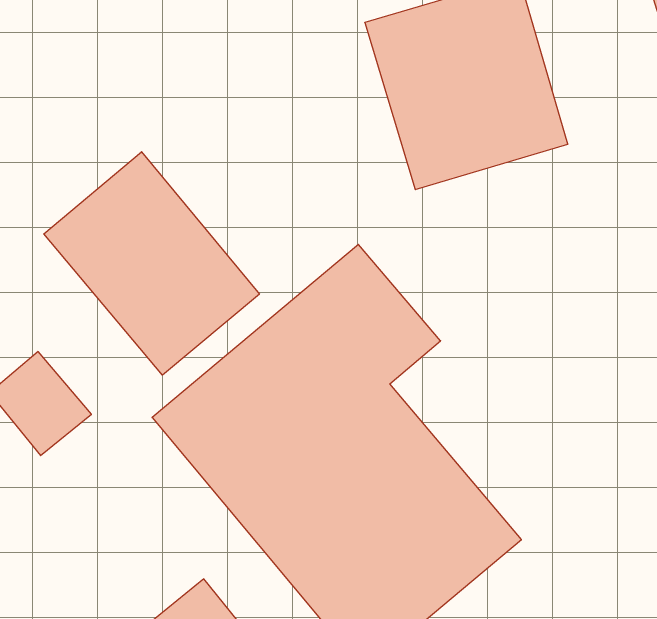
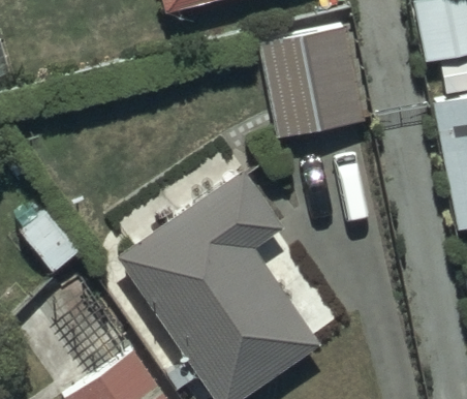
building: [44,152,259,375] -> none

